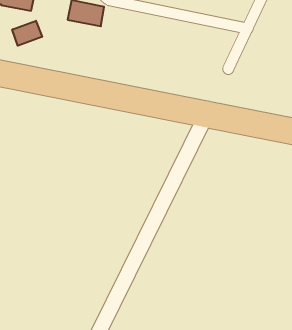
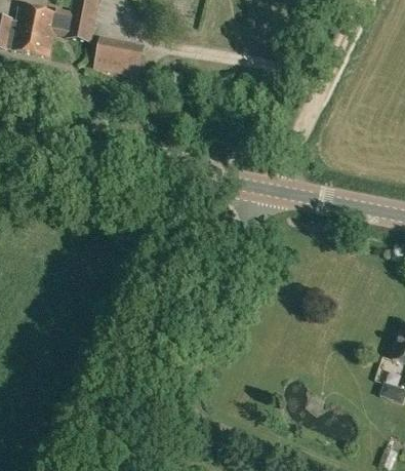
building: [12,21,42,46] -> none

